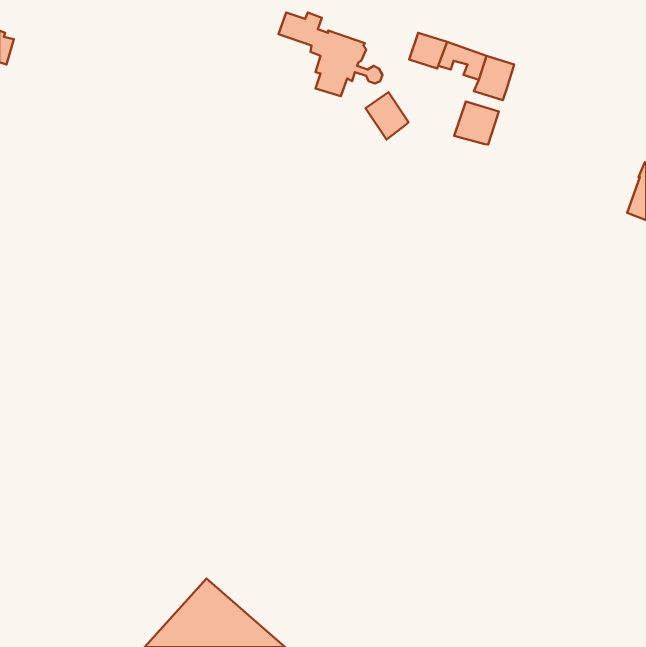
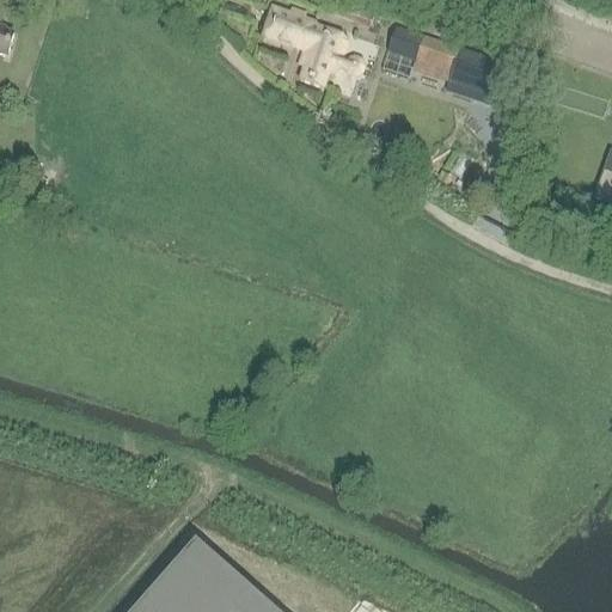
building: [366,92,409,139] -> none
building: [454,101,499,145] -> none

